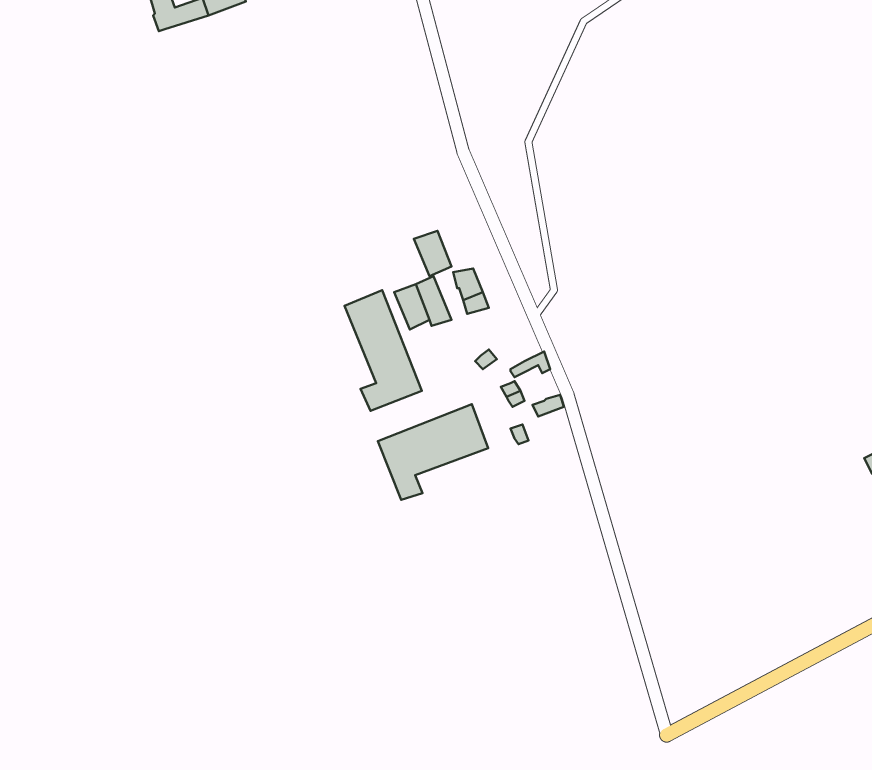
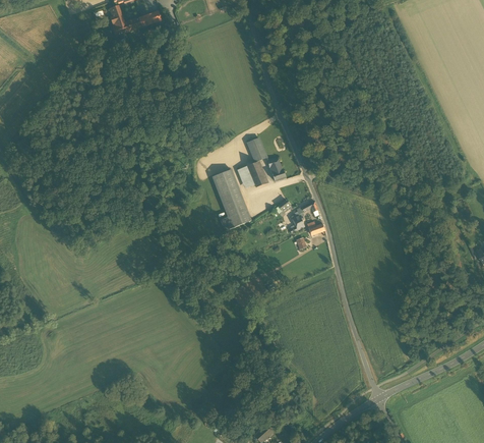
building: [378,404,488,500] -> none

